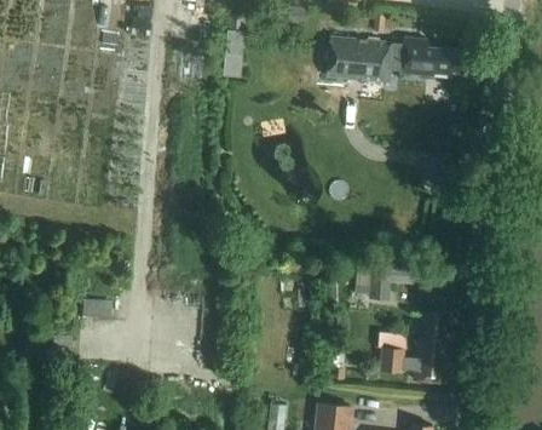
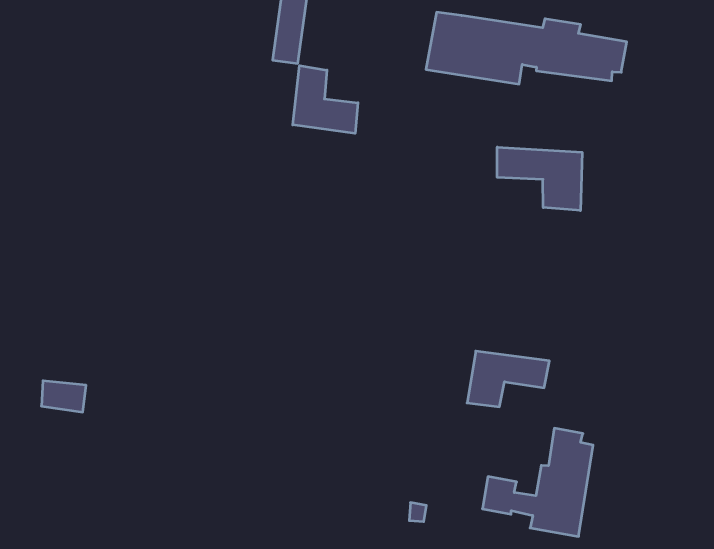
building: none -> [293,66,358,133]
building: none -> [497,147,582,211]

